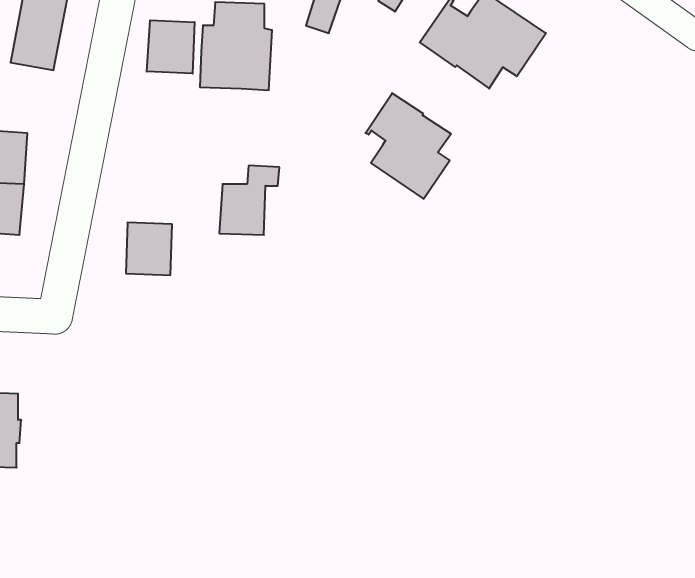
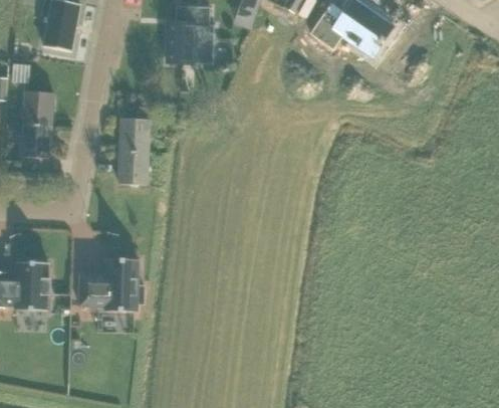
building: [147,20,195,74] -> none
building: [365,93,451,199] -> none
building: [219,166,279,235] -> [118,105,158,150]
building: none -> [78,256,144,310]

